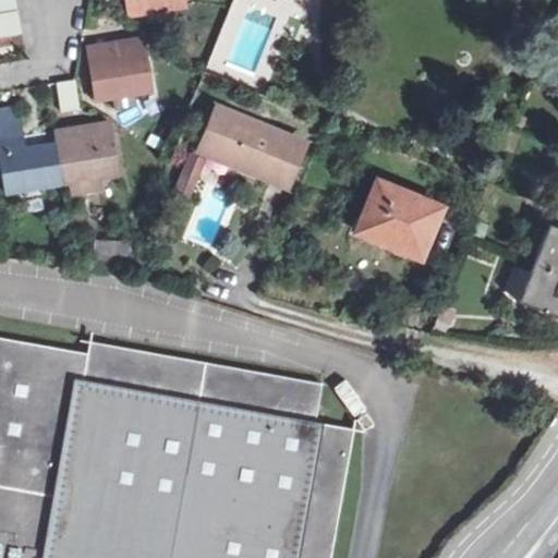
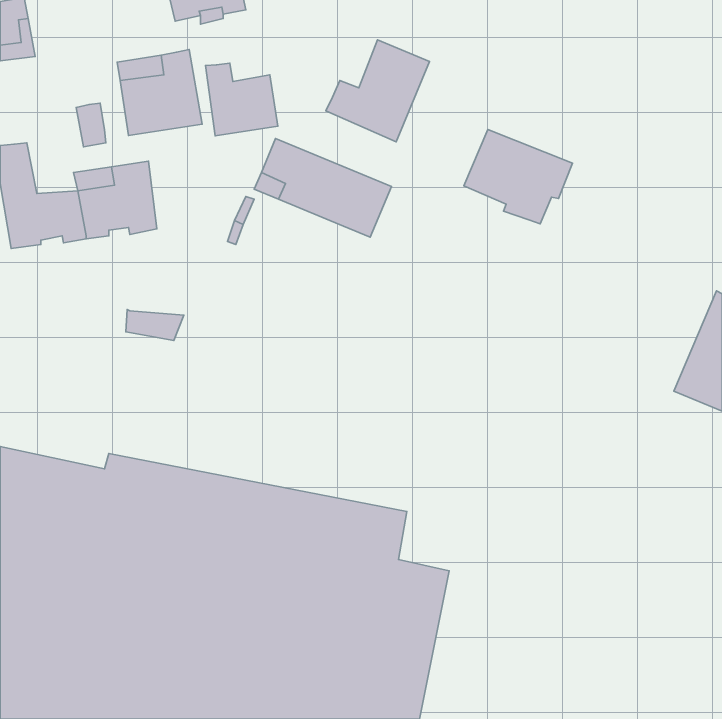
building: none -> [326,40,430,142]
building: none -> [205,63,278,136]
building: [356,181,440,254] -> [464,129,573,224]

